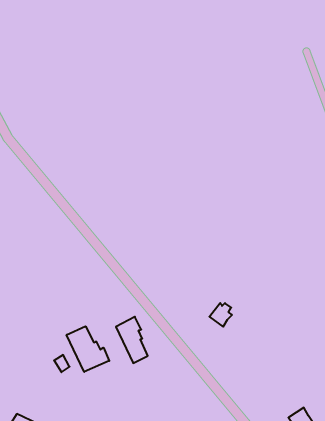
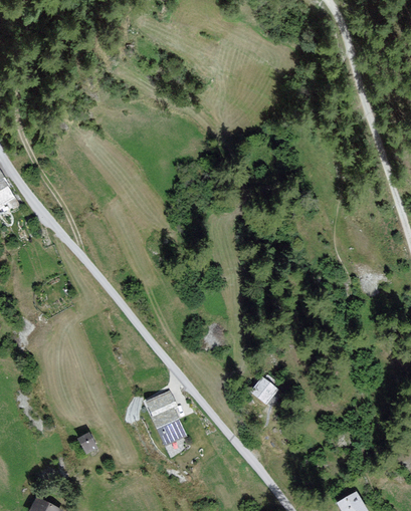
building: [67,326,109,372] -> none

